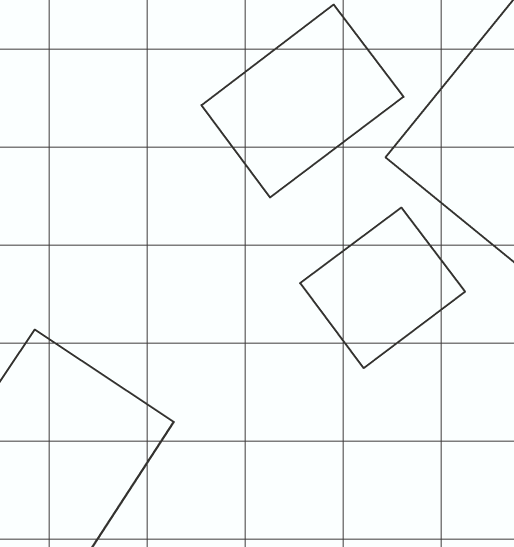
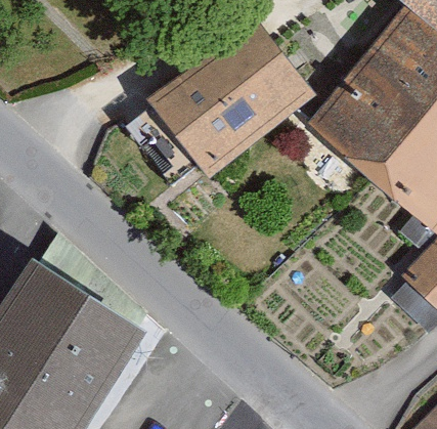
building: [300,208,465,368] -> none

